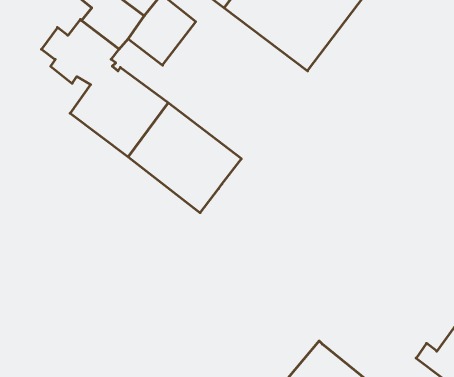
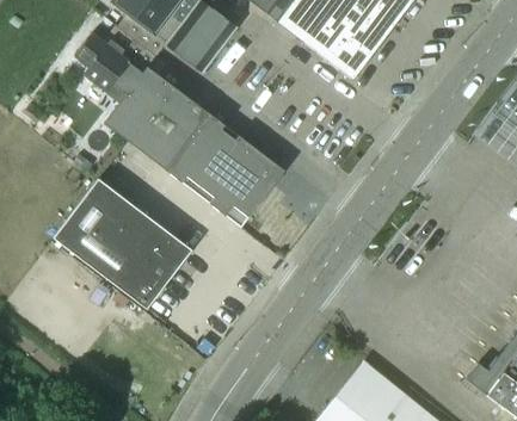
building: none -> [54,179,191,308]

